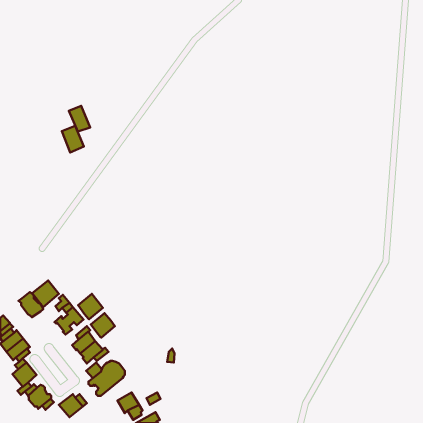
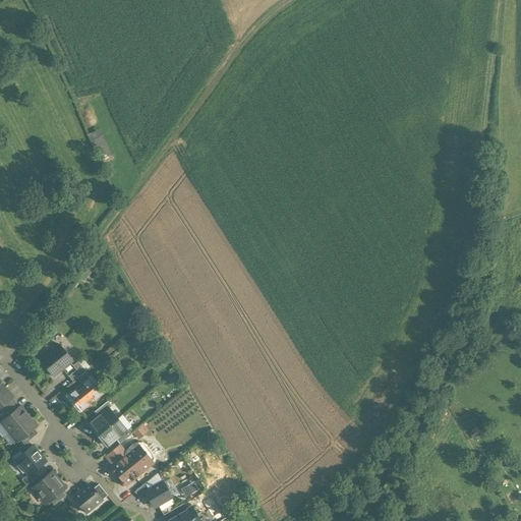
building: [62,126,84,153] -> none
building: [19,292,43,317] -> none
building: [78,294,103,319] -> none
building: [91,313,115,337] -> none

